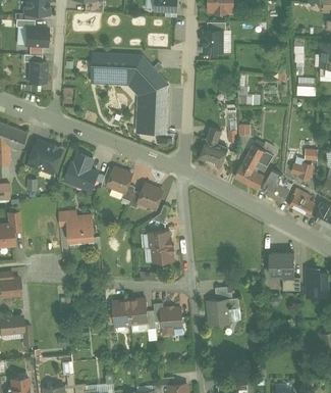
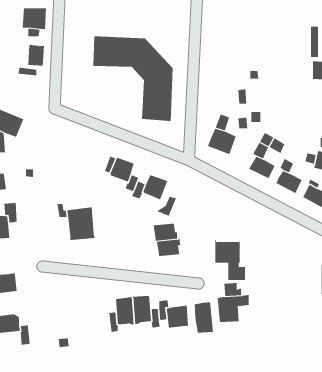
building: [203,30,222,51] -> none
building: [27,140,61,171] -> none
building: [64,153,97,189] -> none
building: [270,252,299,291] -> [215,239,246,281]
building: none -> [194,302,214,333]

